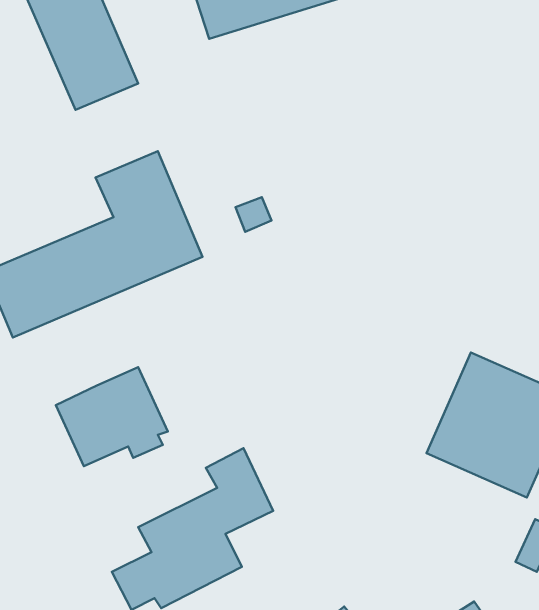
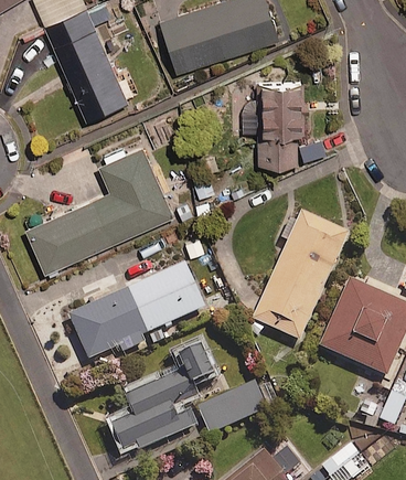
building: none -> [242,78,298,163]
building: none -> [247,214,349,345]
building: none -> [127,264,205,334]
building: none -> [199,384,265,436]

